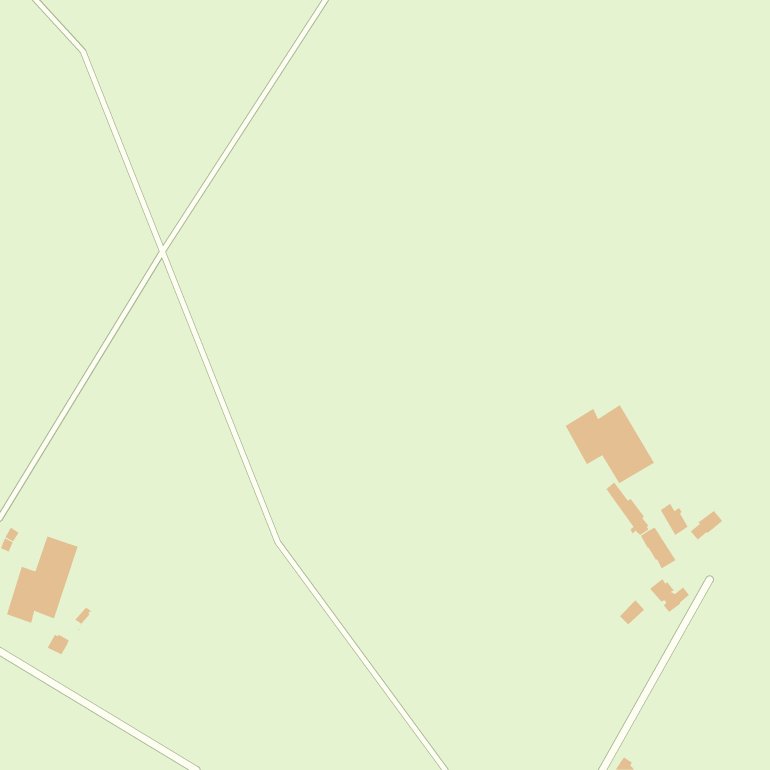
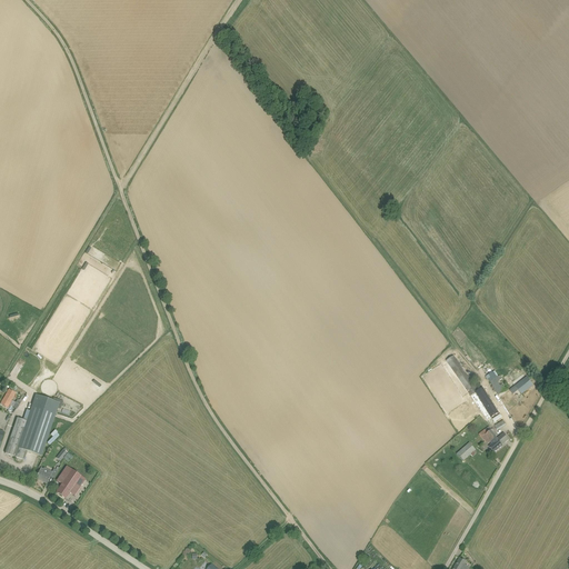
building: [565,404,655,484] -> none
building: none -> [56,466,84,498]

